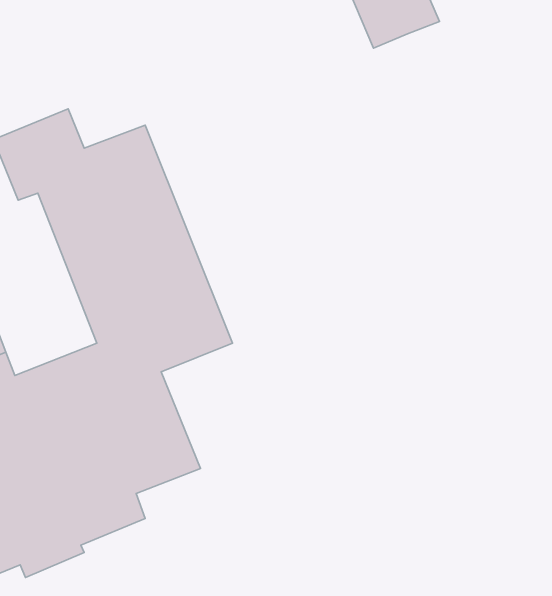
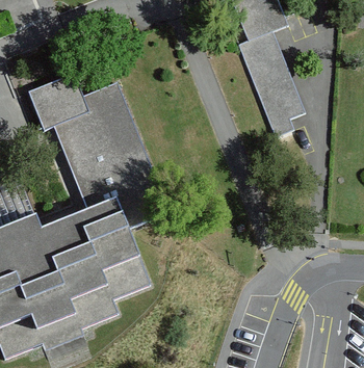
building: none -> [239,30,302,131]

